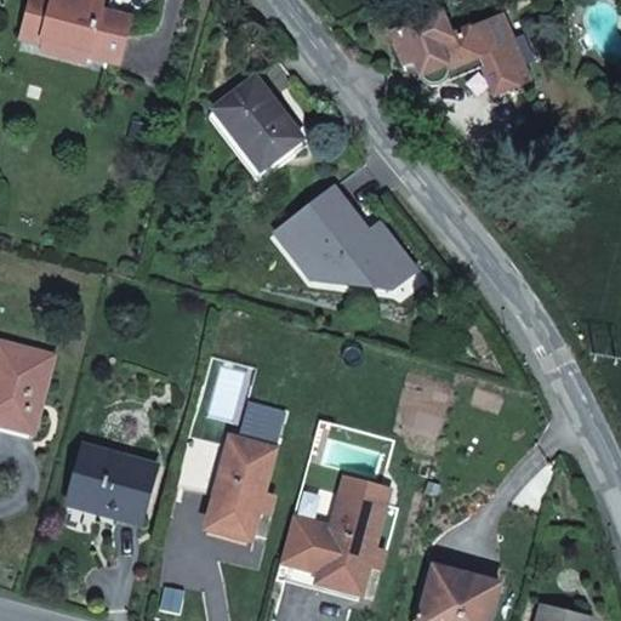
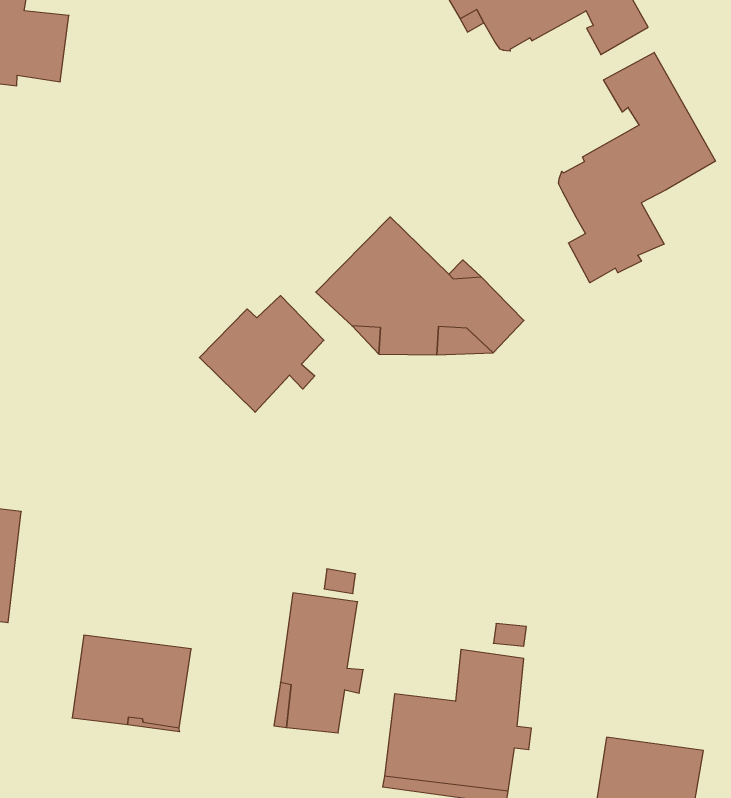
building: [213,74,303,170] -> none
building: none -> [559,52,715,283]
building: none -> [199,296,324,412]

